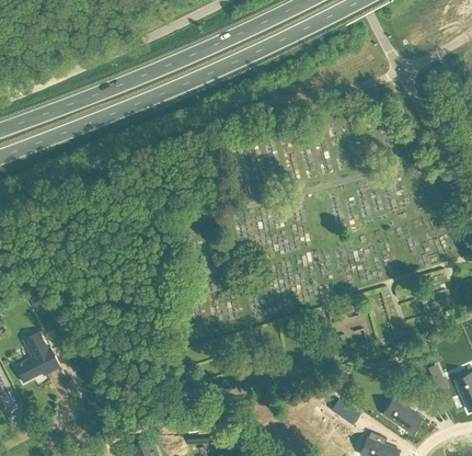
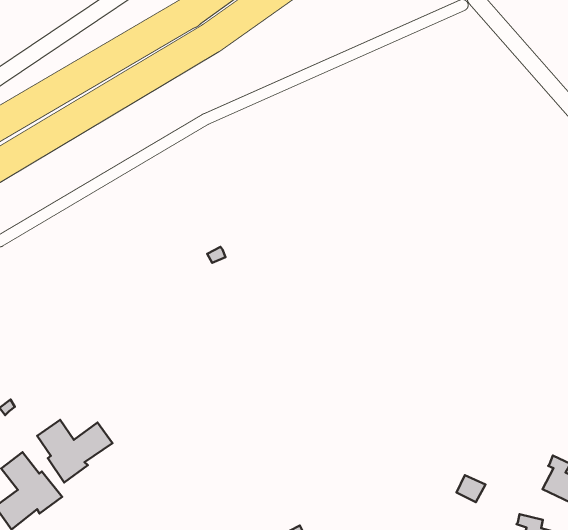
building: none -> [37,420,113,483]

